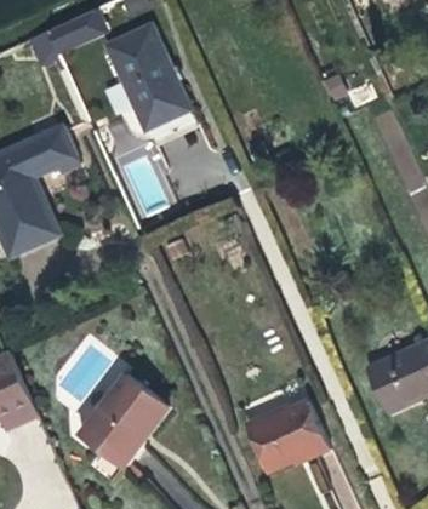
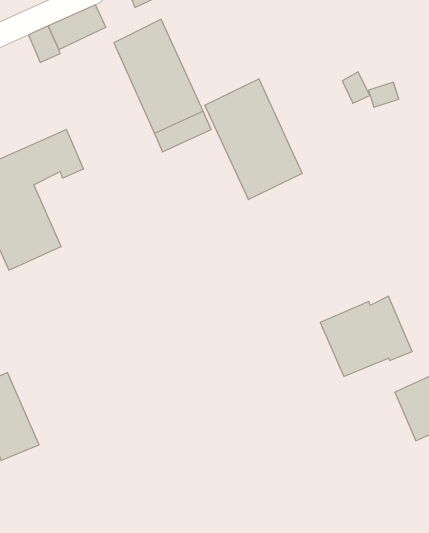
building: none -> [205,79,302,200]
building: [78,372,167,468] -> none
building: [244,398,329,471] -> [320,296,412,376]

